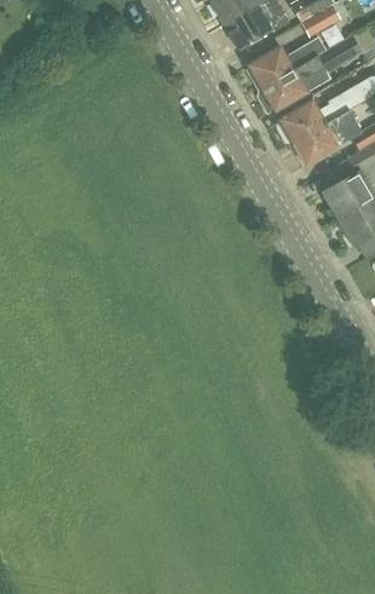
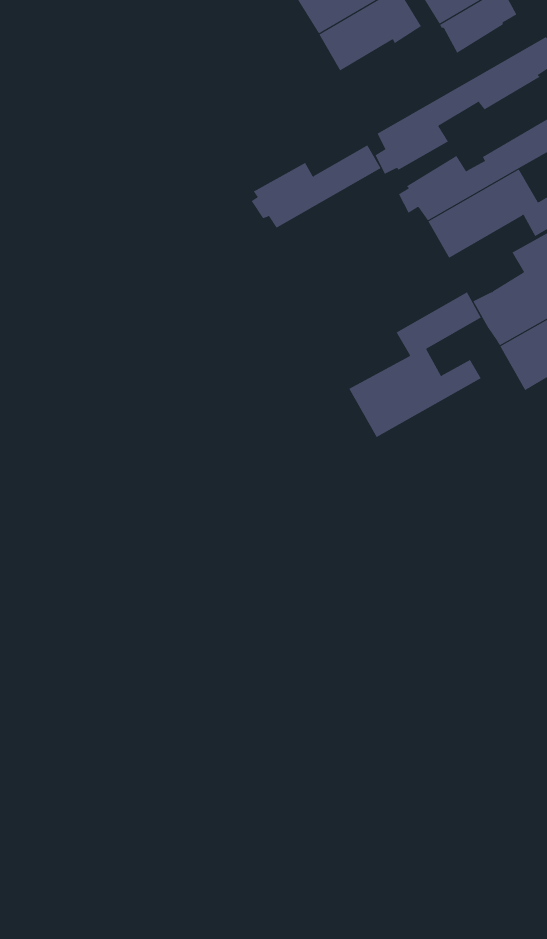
building: [246,36,327,88] -> [251,145,381,229]
building: none -> [348,292,482,438]

